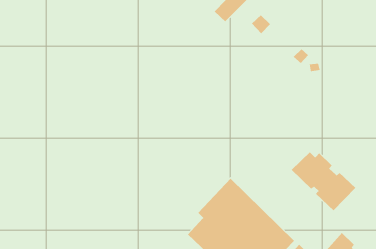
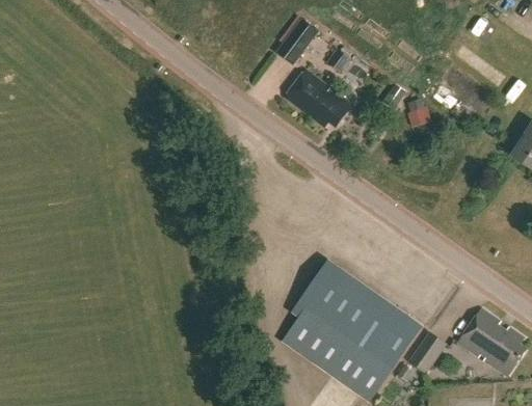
building: none -> [283,74,349,131]
building: [291,152,356,211] -> none

